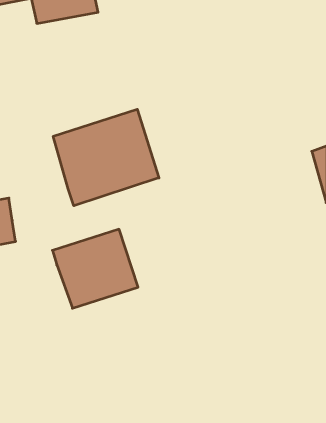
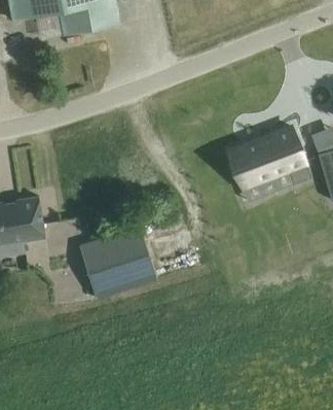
building: [53,109,159,206] -> none
building: none -> [227,127,310,201]

